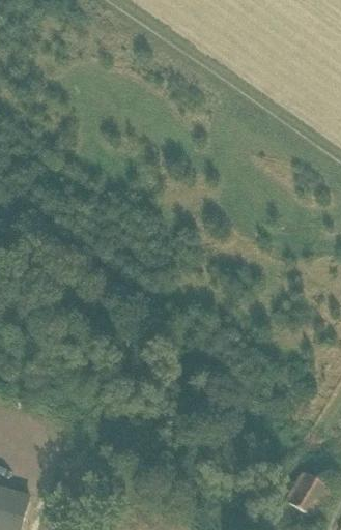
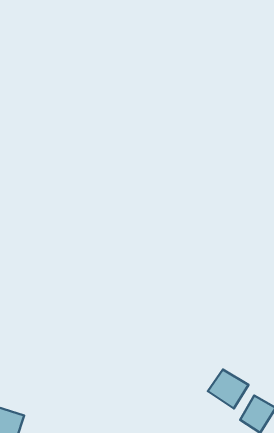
building: none -> [208,370,248,409]

